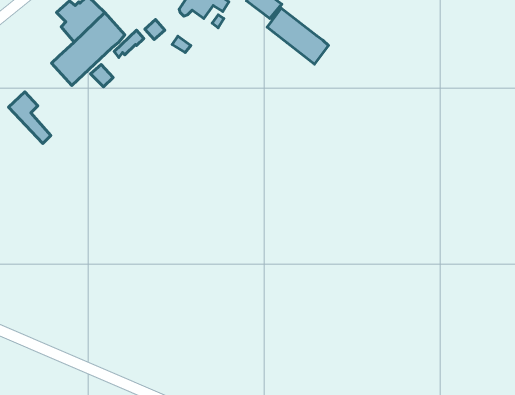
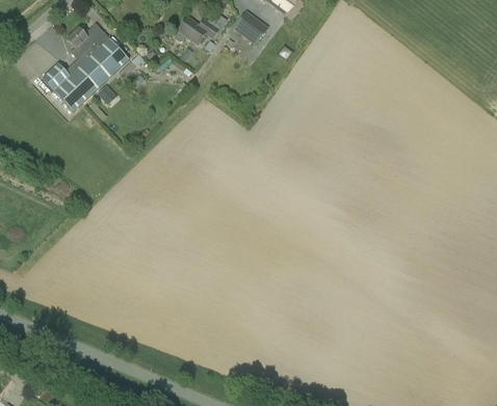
building: [267,8,328,64] -> none
building: [8,92,51,144] -> [43,63,80,109]

